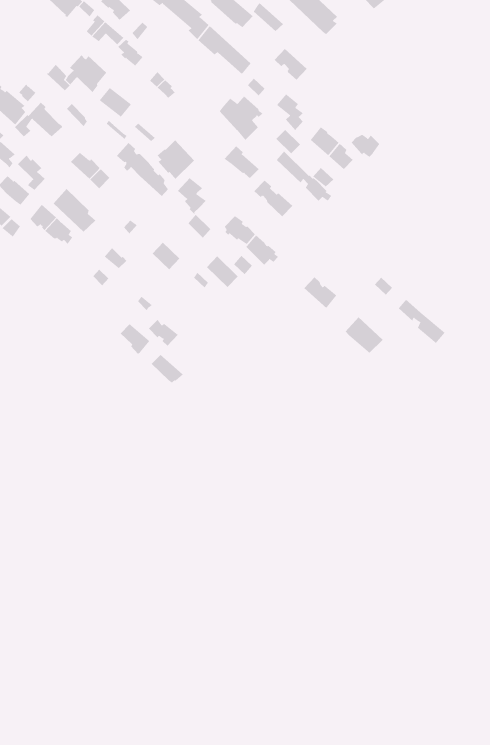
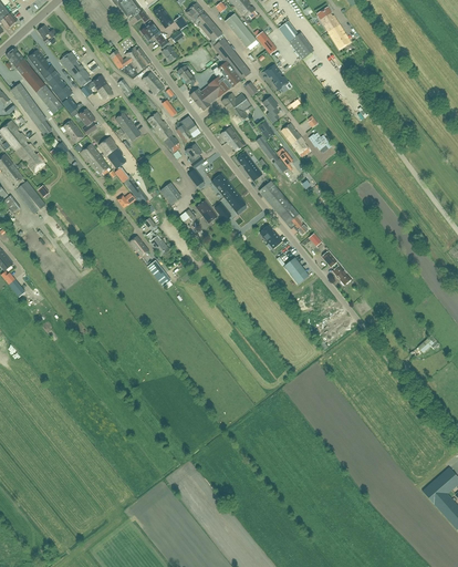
building: none -> [189,61,242,111]
building: none -> [259,181,308,234]

